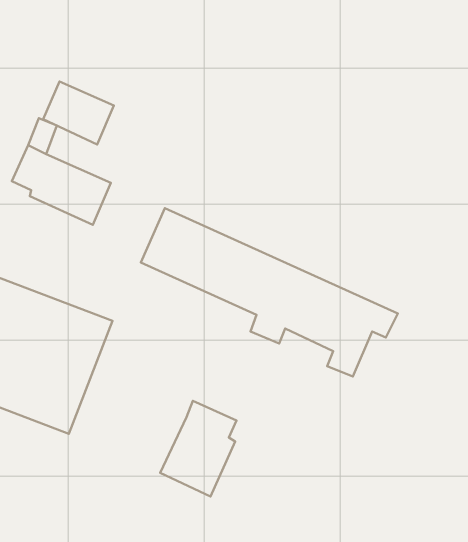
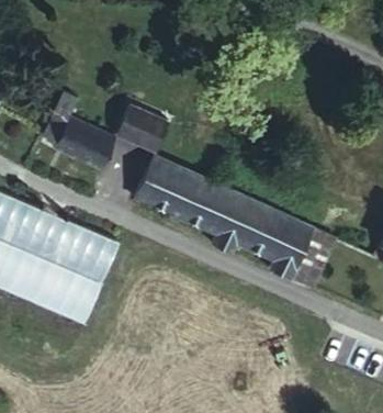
building: [43,81,114,145] -> [116,110,168,156]
building: [160,401,237,496] -> none

